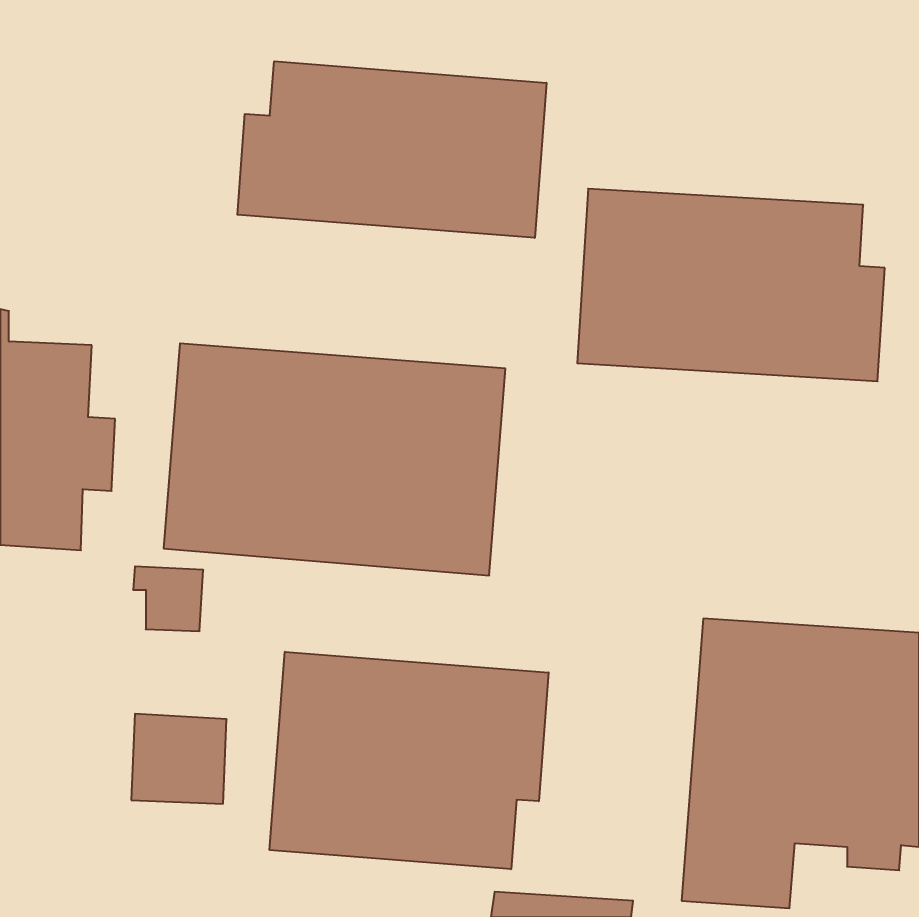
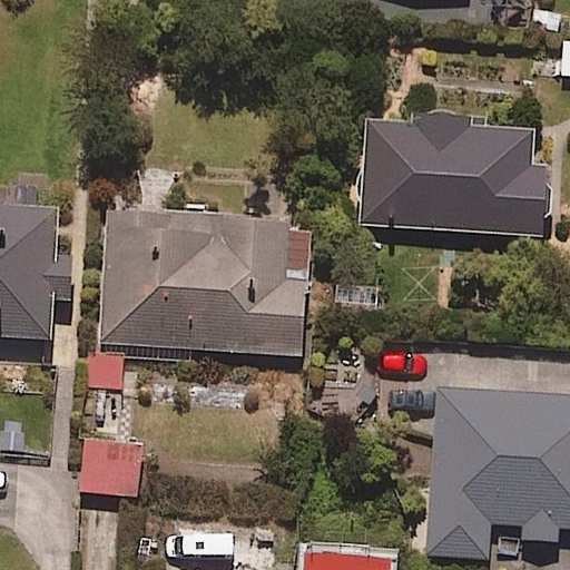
building: [237,61,546,238] -> none
building: [270,652,549,869] -> none

